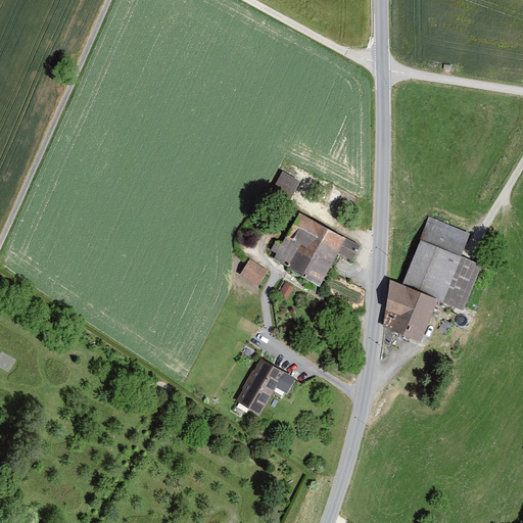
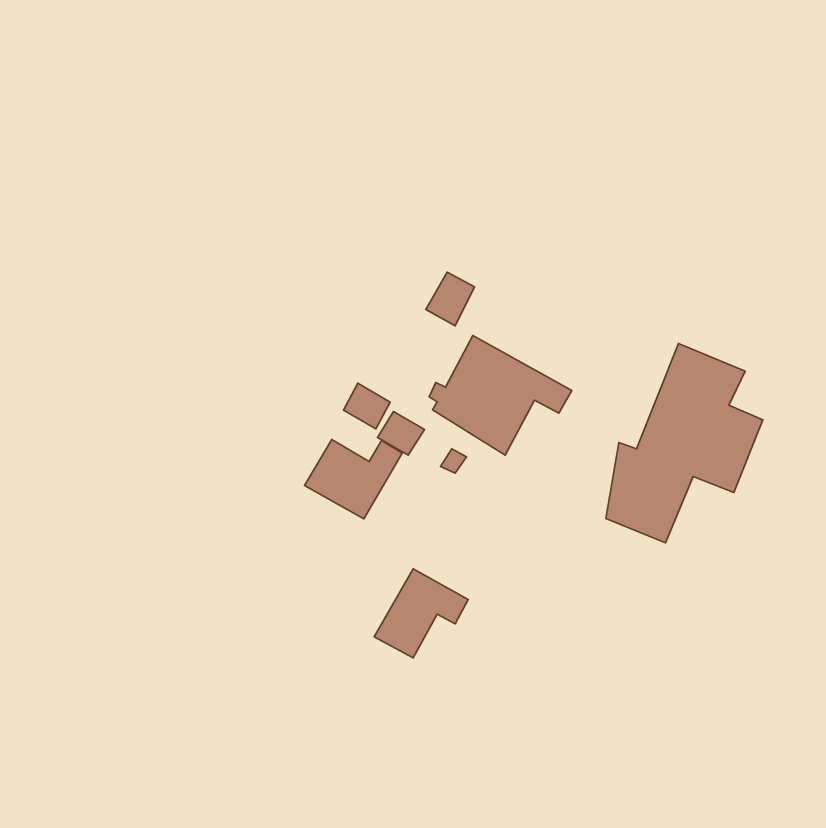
building: none -> [344,383,390,429]
building: none -> [305,440,402,519]

